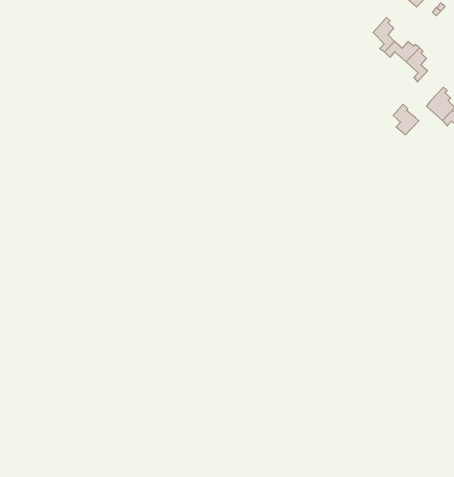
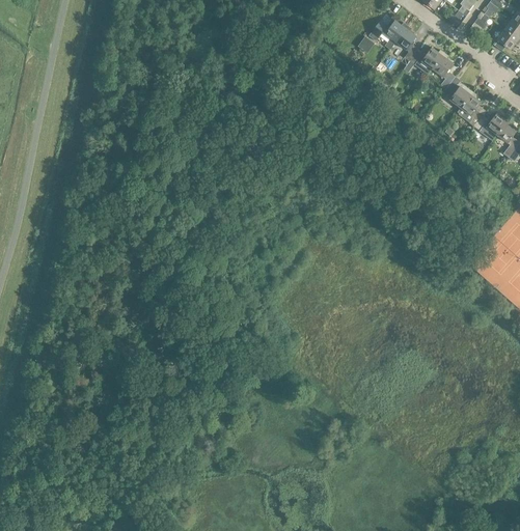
building: none -> [368,18,408,48]
building: [393,104,419,135] -> [445,75,472,106]

